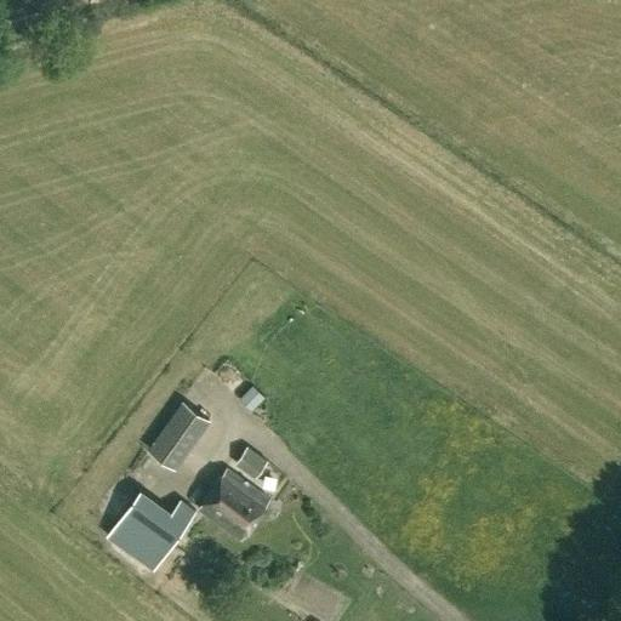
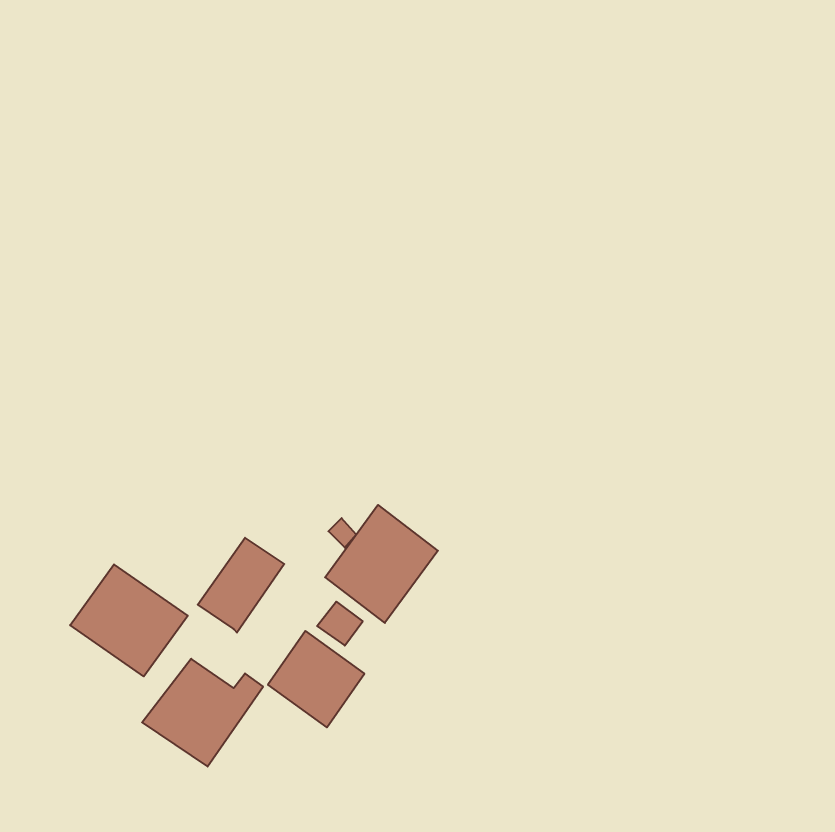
building: none -> [325,505,438,623]
building: none -> [70,564,188,676]

